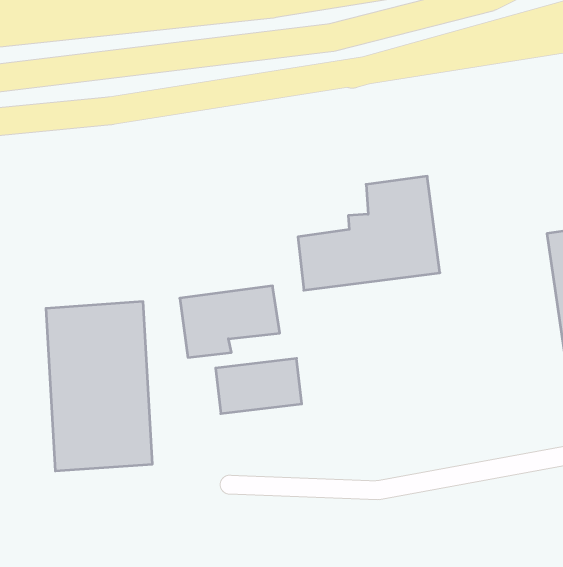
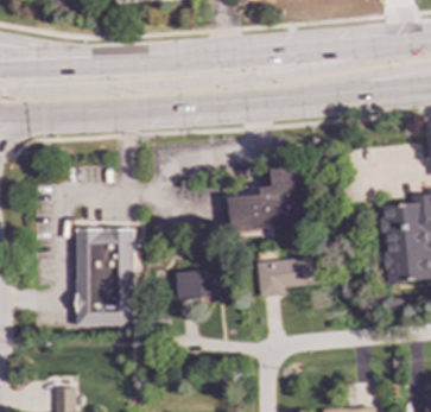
building: [180,286,280,357] -> [256,256,315,296]

